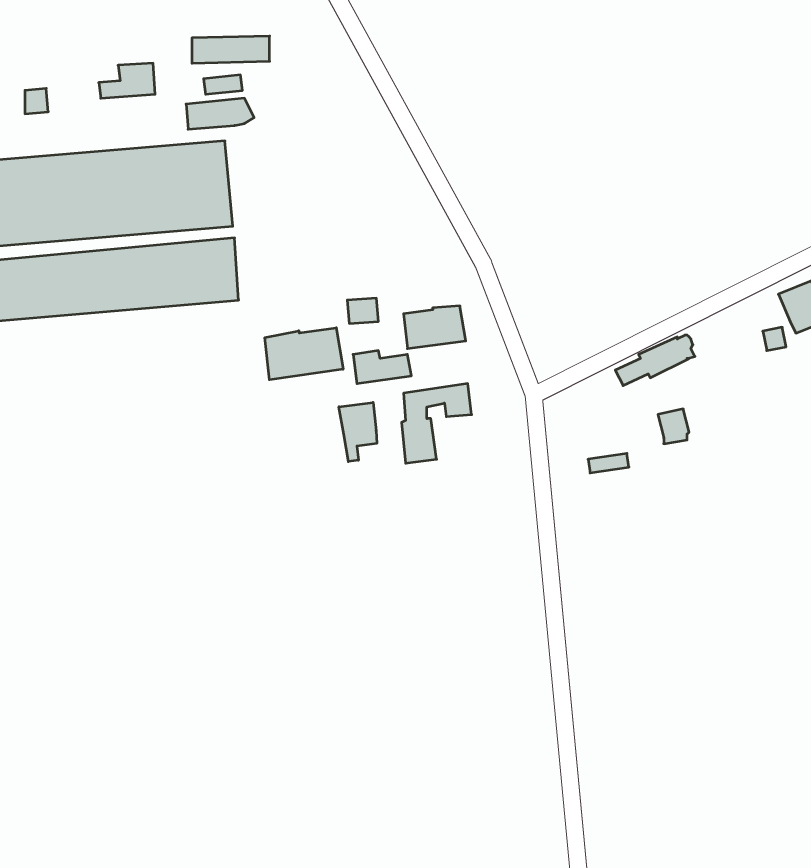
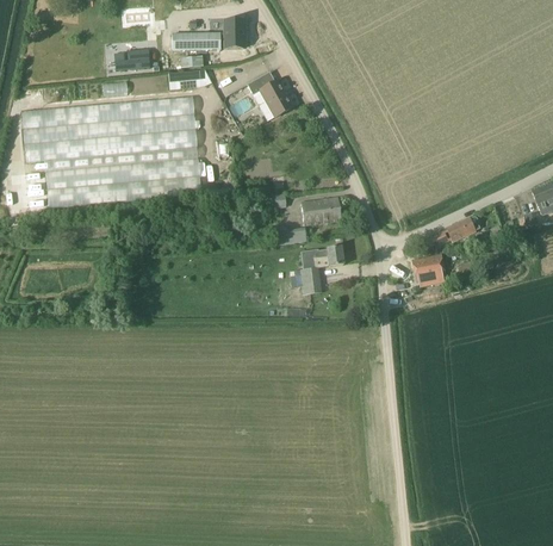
building: none -> [222,15,242,44]
building: none -> [247,72,292,118]
building: [265,328,343,380] -> none
building: none -> [412,255,445,280]
building: [339,402,377,462] -> none

